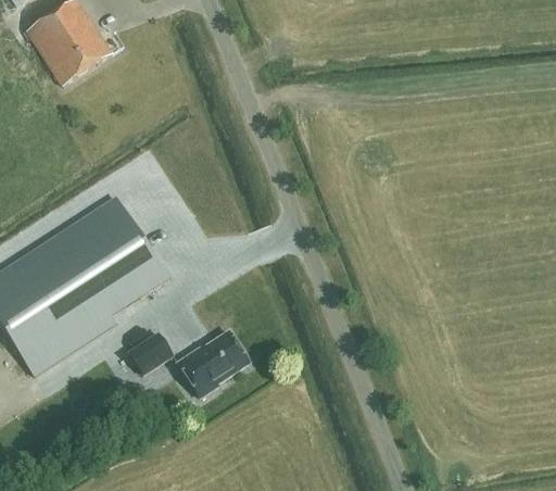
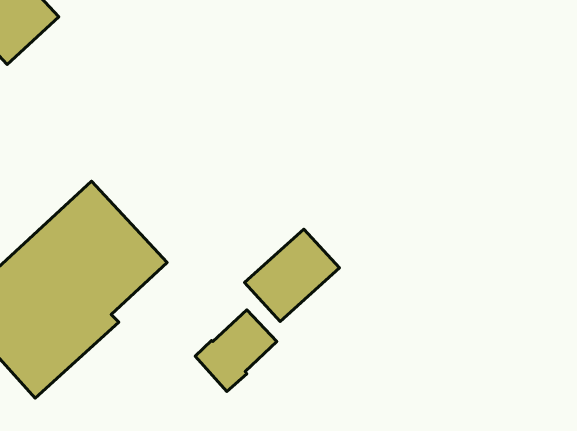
building: none -> [245,229,340,321]
building: [126,331,173,376] -> none

